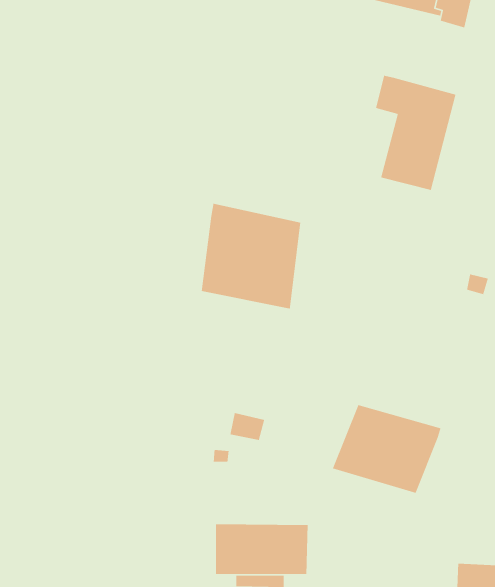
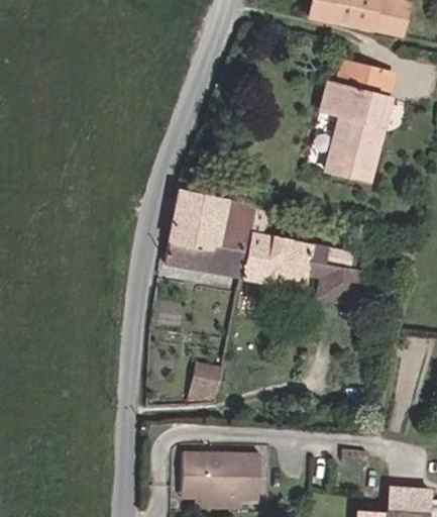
building: none -> [335,61,392,95]
building: none -> [246,203,366,307]
building: [332,404,442,494] -> none

